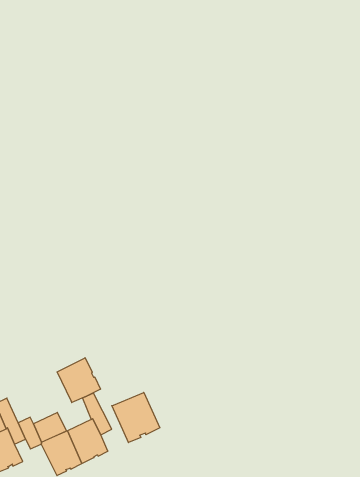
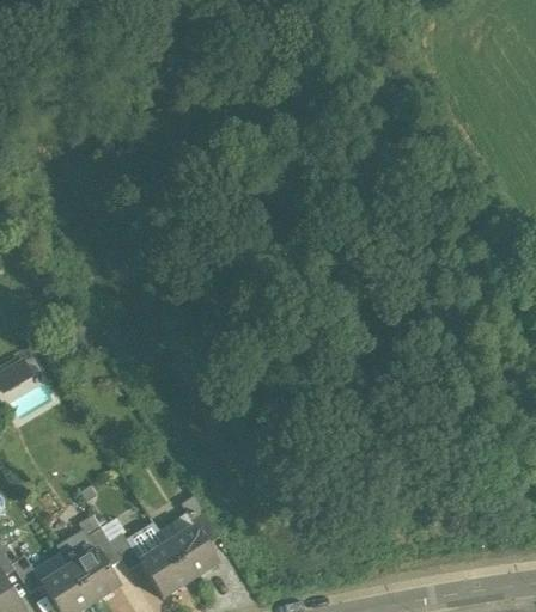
building: [57,358,100,403] -> none
building: [112,392,160,443] -> none

